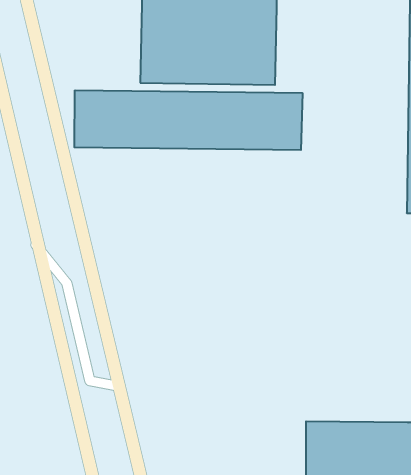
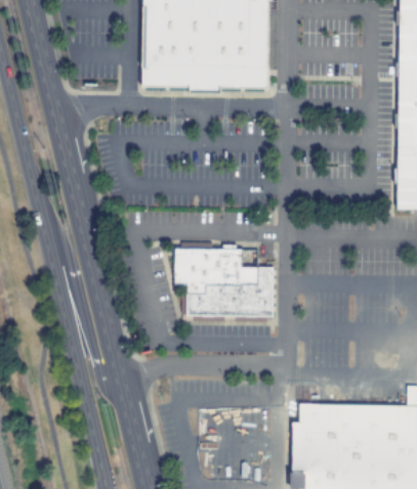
building: [74,90,302,150] -> none
building: none -> [173,247,273,317]

